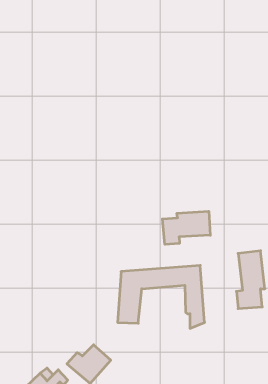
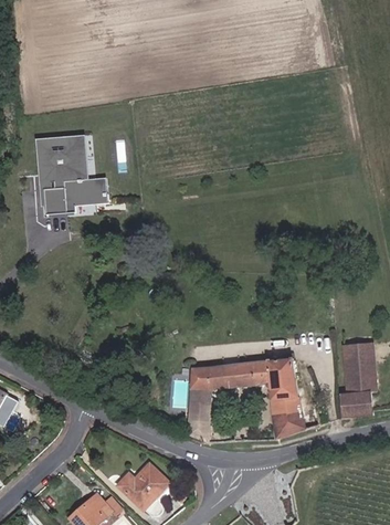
building: none -> [44,137,109,208]
building: [162,211,210,244] -> none

